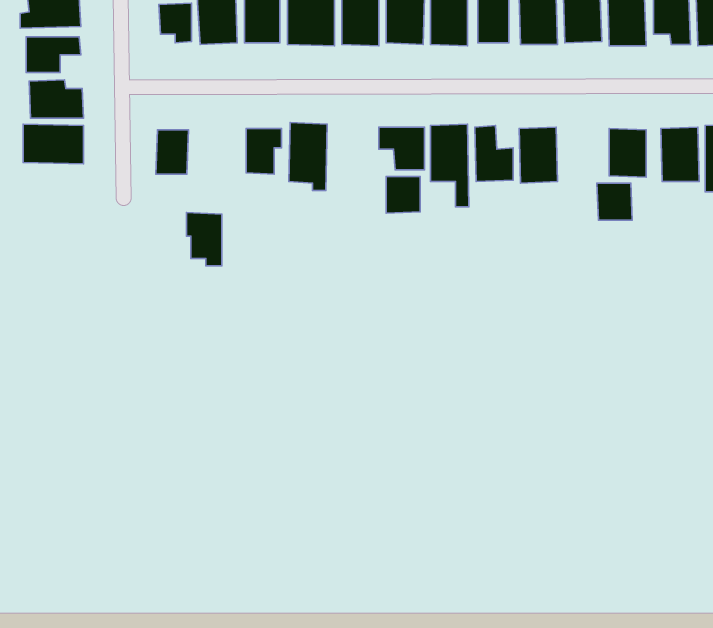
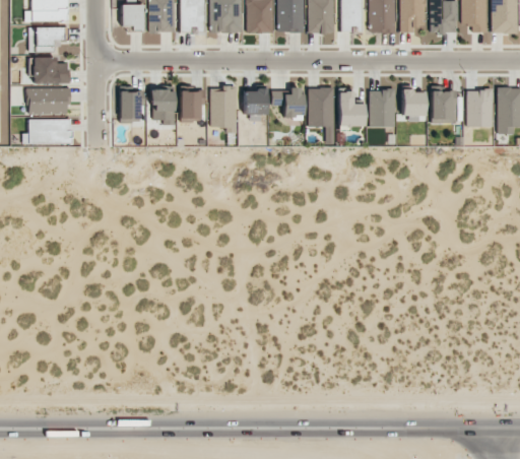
building: none -> [23,119,72,144]
building: [386,176,420,213] -> [245,89,268,115]
building: [597,183,632,220] -> [402,90,427,116]
building: [187,213,222,266] -> [151,88,176,125]

